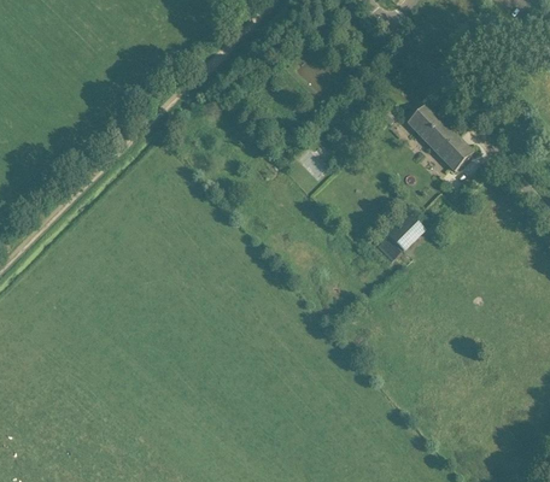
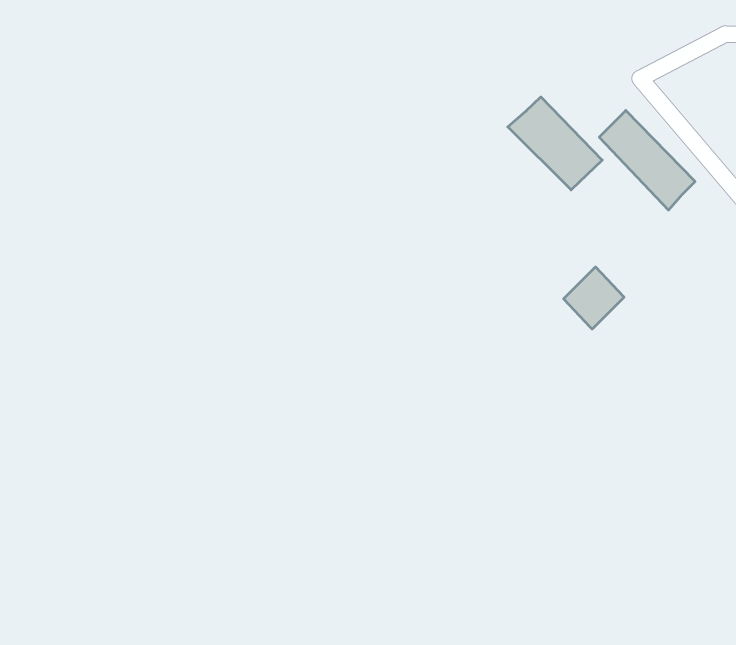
building: none -> [508,97,602,190]

